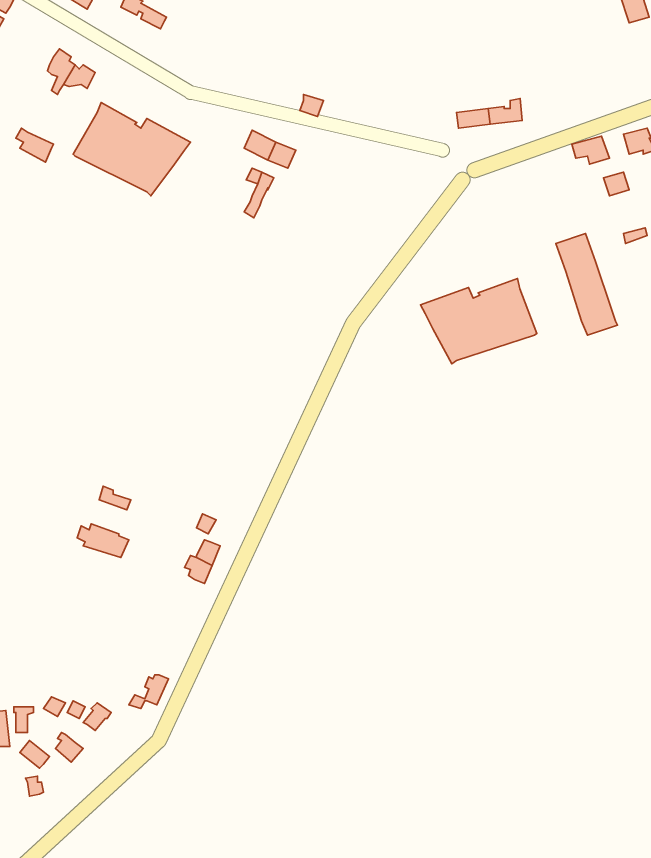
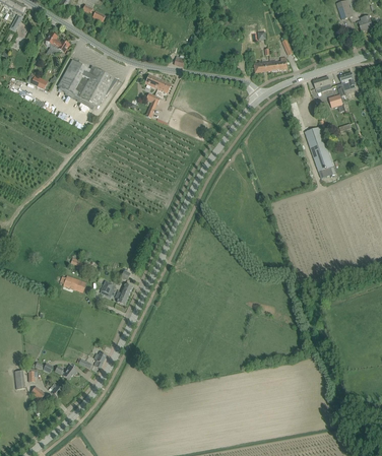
building: [421,278,537,364] -> none

